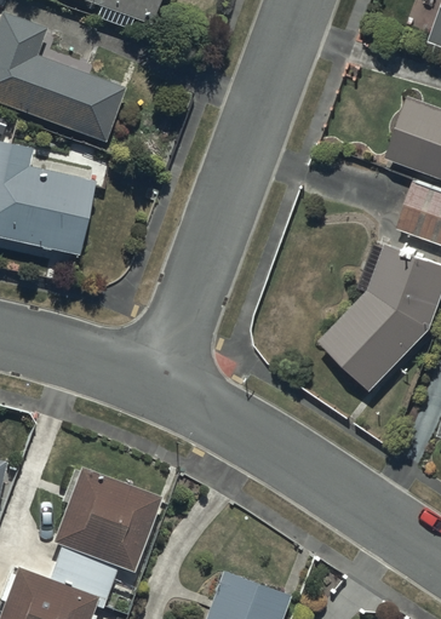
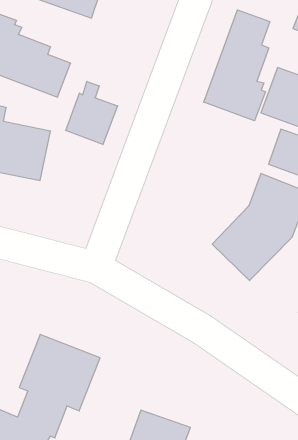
building: none -> [204,10,270,121]
building: none -> [66,81,118,145]

